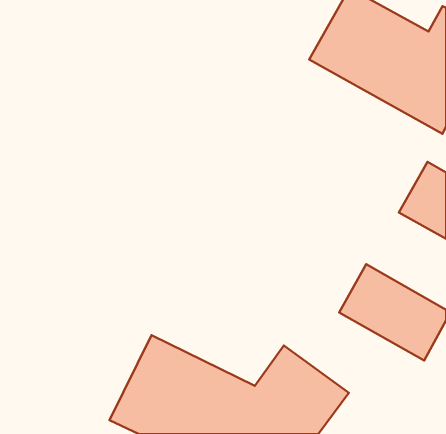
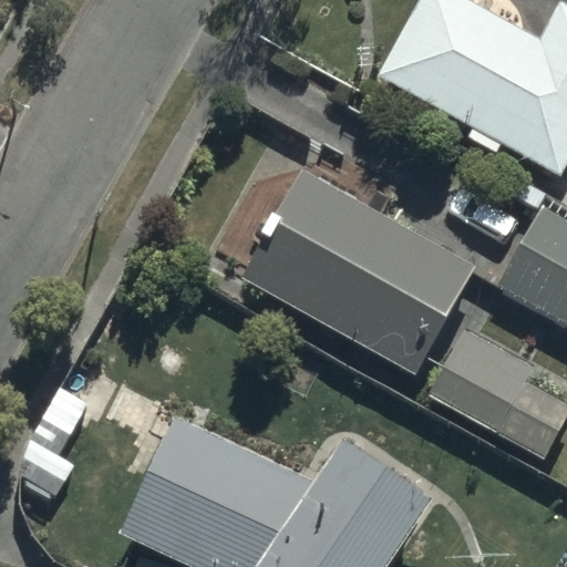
building: none -> [245,179,470,374]

